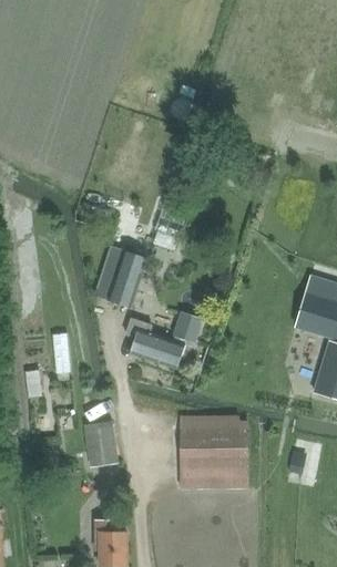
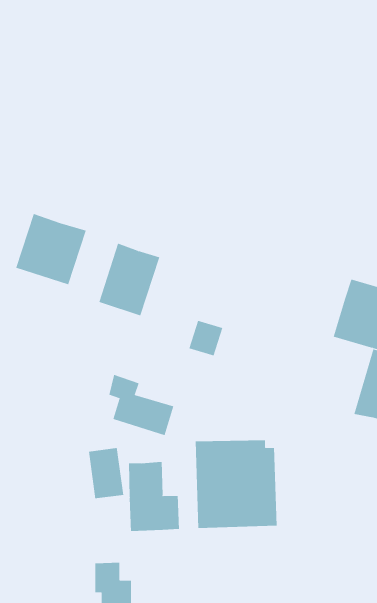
building: none -> [15,213,87,285]
building: [124,317,181,370] -> [108,374,174,436]
building: none -> [128,461,179,532]

